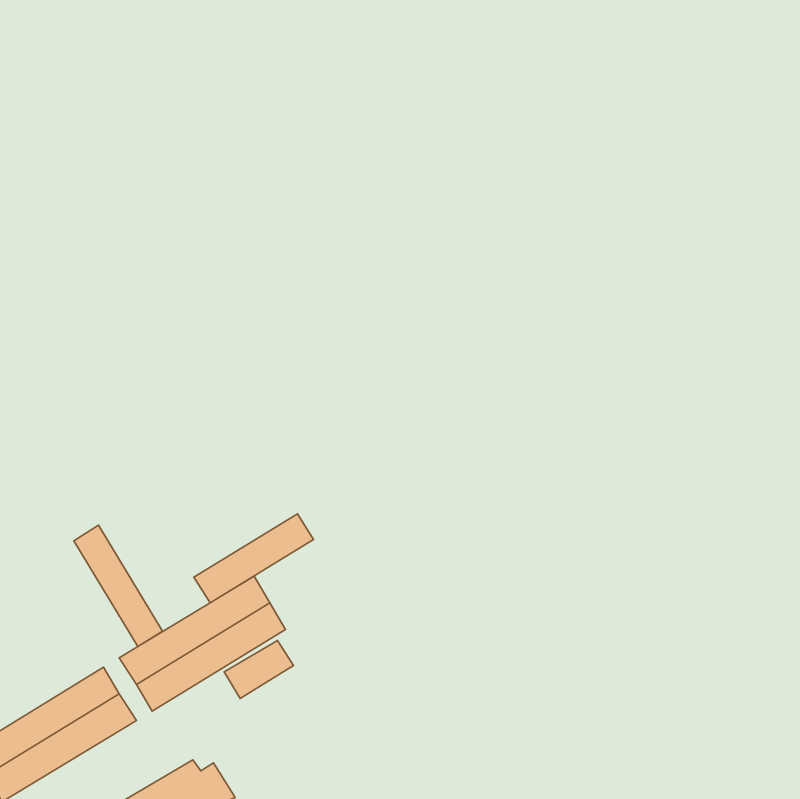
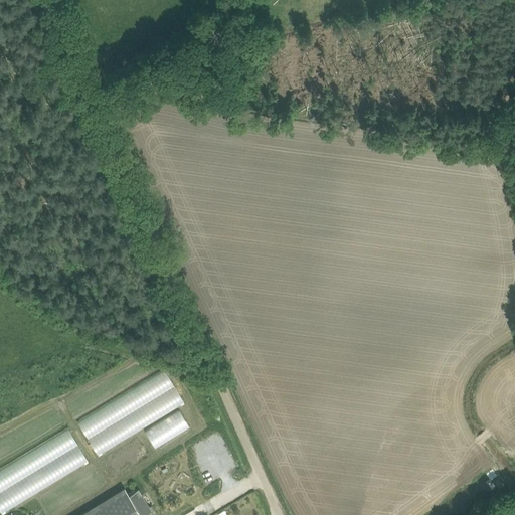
building: [194,514,313,603] -> none
building: [74,525,162,646] -> none

